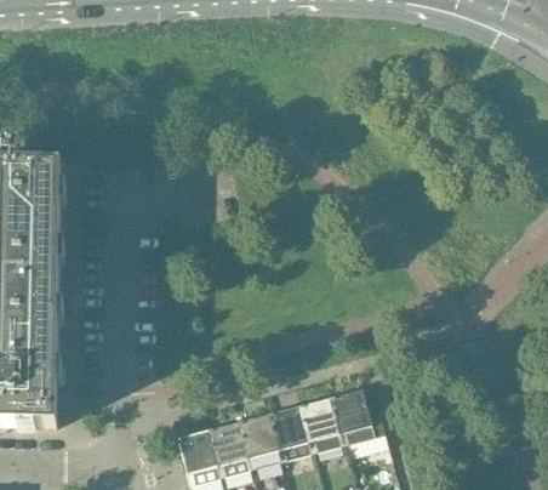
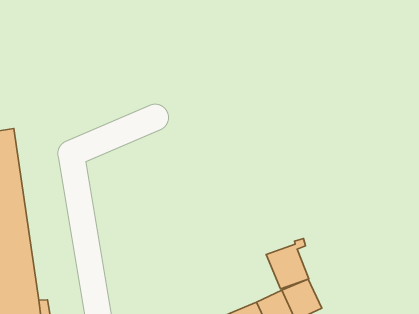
building: none -> [266,239,309,289]

